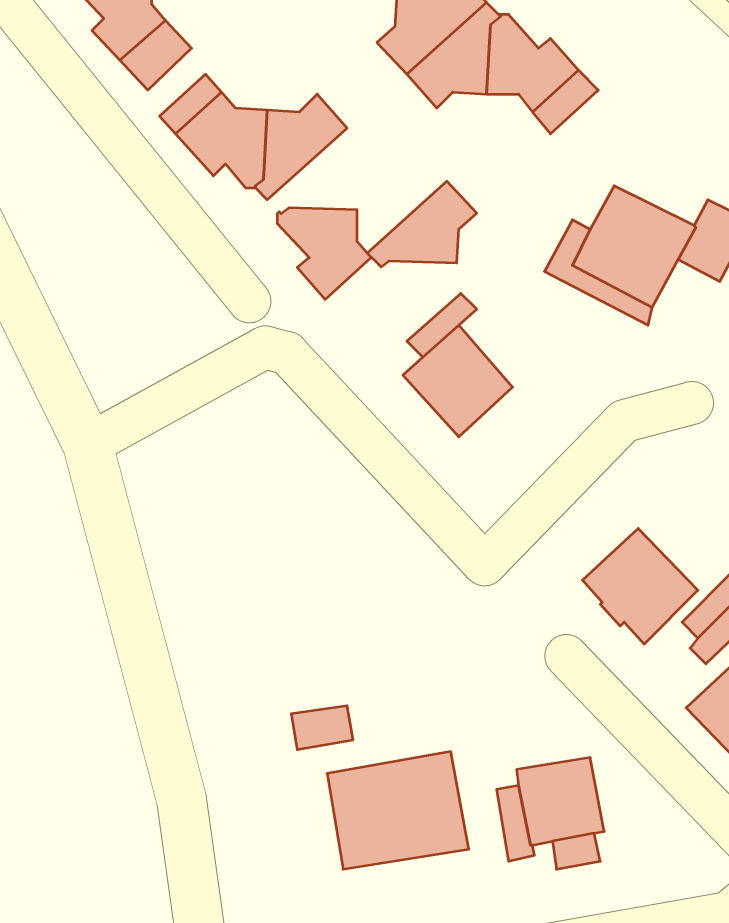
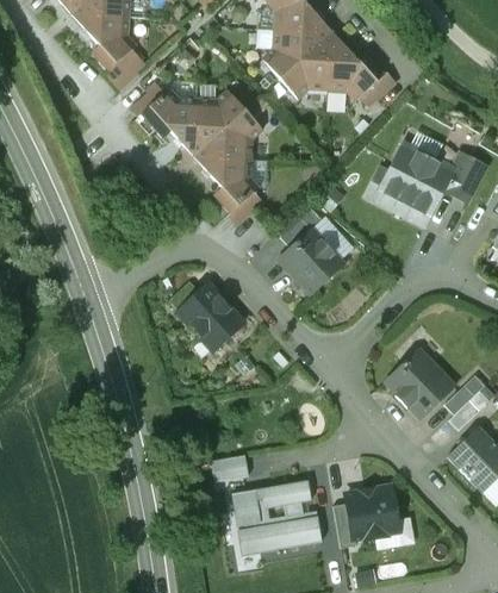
building: [367,181,477,267] -> [198,110,263,161]
building: none -> [176,287,238,349]

